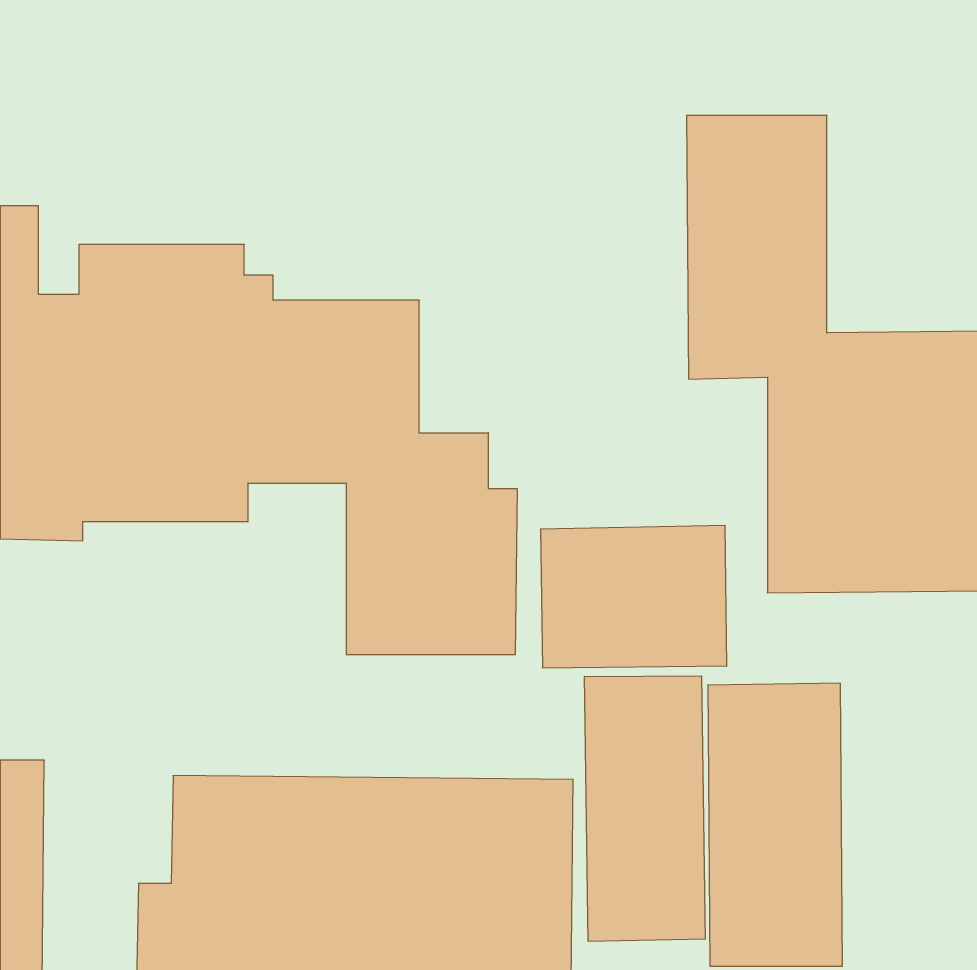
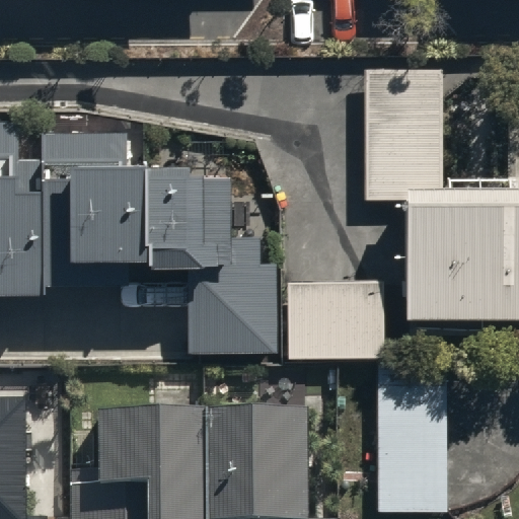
building: [585,676,705,941] -> none

